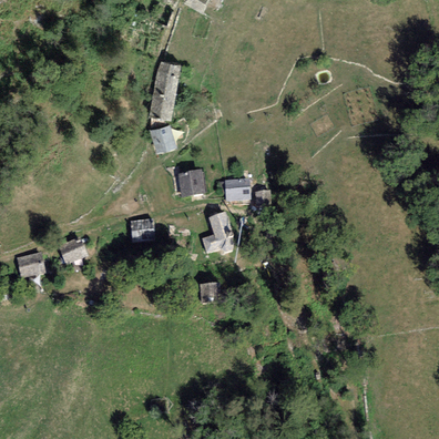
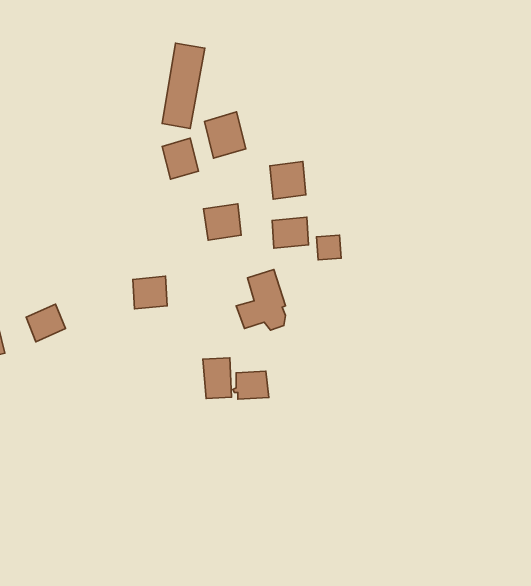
building: none -> [204,112,246,158]
building: none -> [270,161,306,199]
building: none -> [203,358,232,398]

